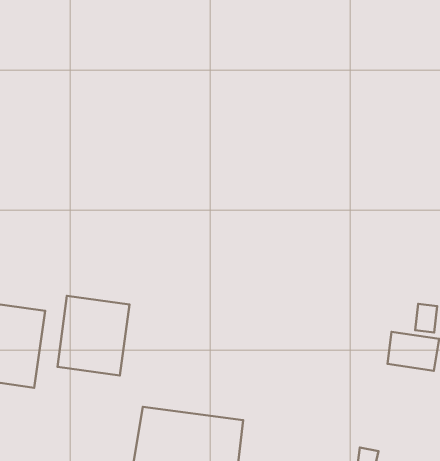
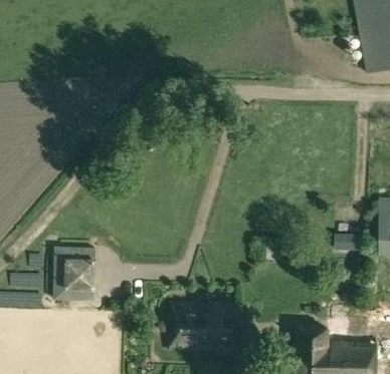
building: [57,296,130,376] -> none

